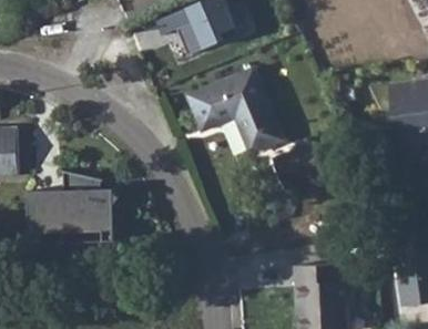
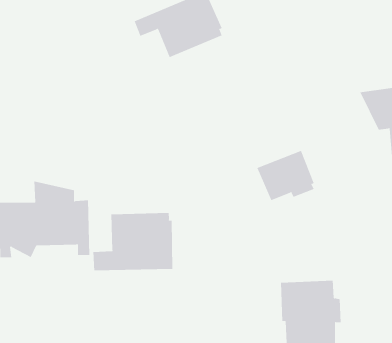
building: [186,69,283,153] -> none
building: none -> [93,212,173,271]

